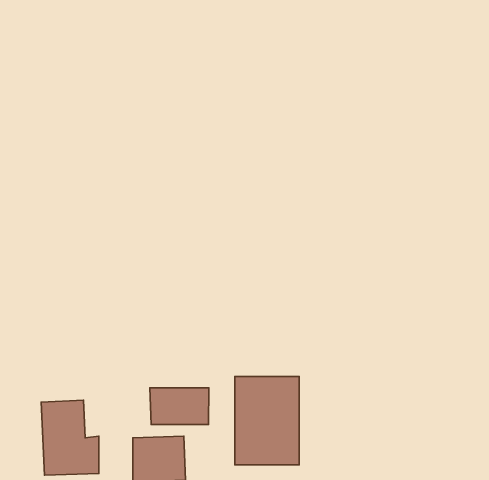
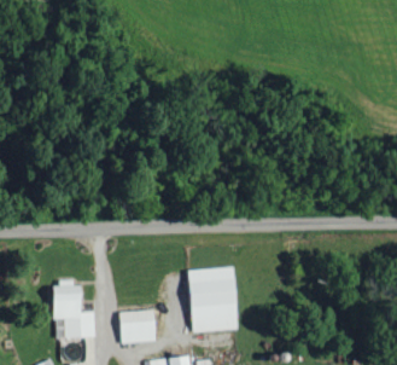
building: [150,388,209,425] -> none

